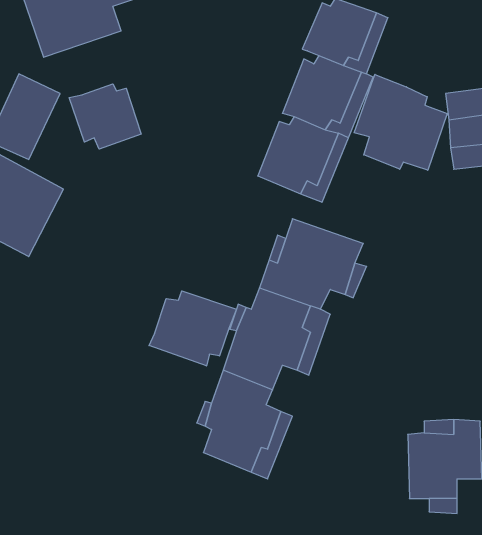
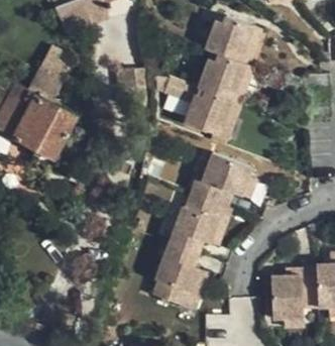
building: [354,74,447,170] -> none
building: [69,84,141,149] -> none
building: [149,291,236,366] -> none

